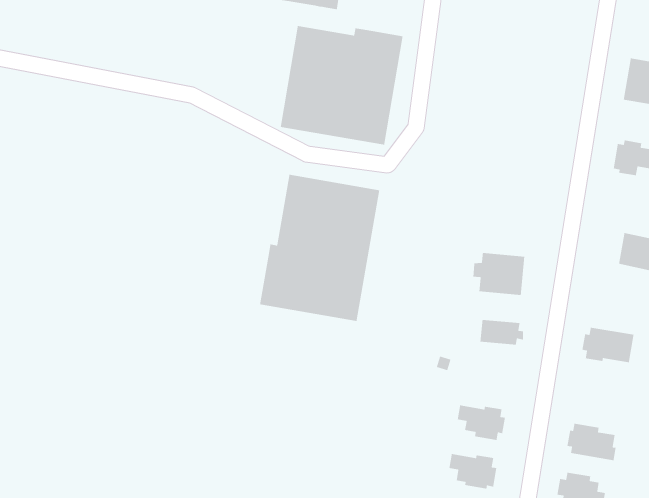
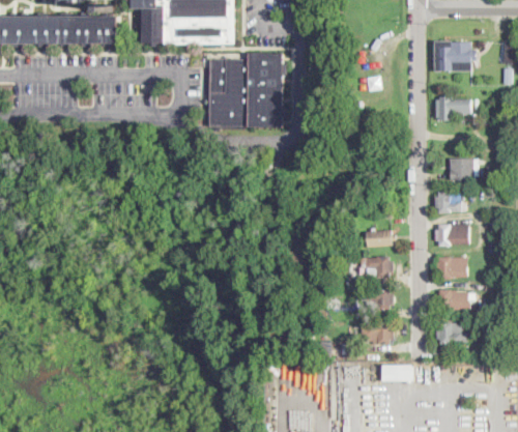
building: [259,174,380,322] -> none
building: [472,252,525,296] -> none
building: none -> [433,192,465,214]
building: none -> [359,256,392,279]
building: none -> [434,258,465,280]

